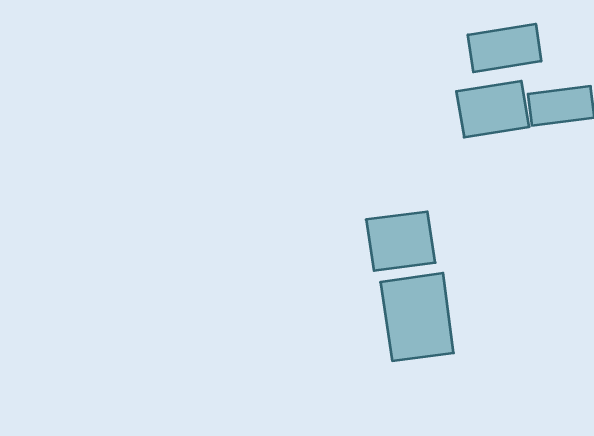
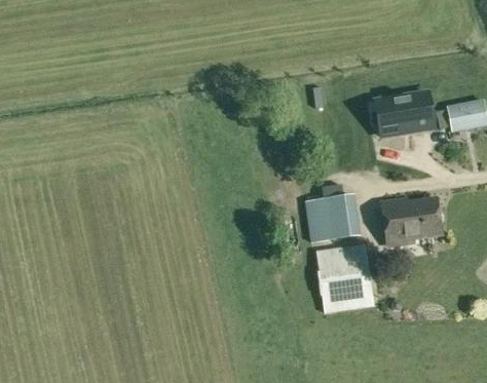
building: [468,24,541,72] -> none
building: none -> [381,198,442,246]

